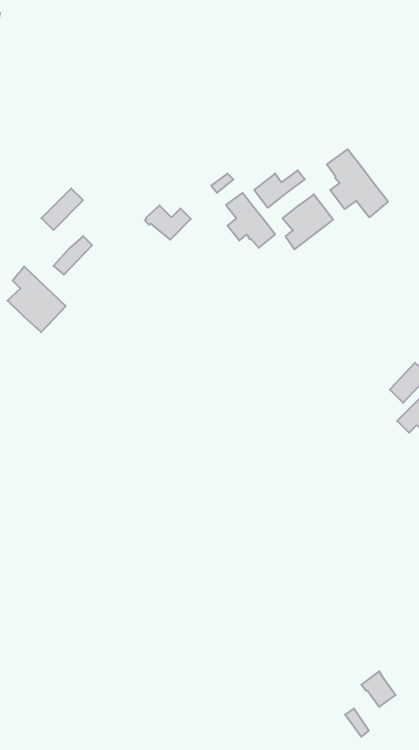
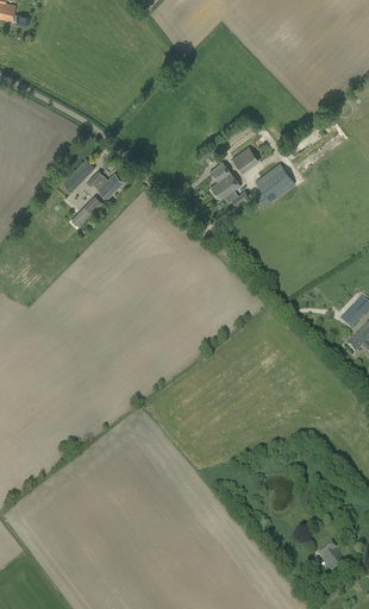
building: [327,149,388,217] -> none
building: [145,205,191,240] -> [86,170,123,197]
building: [7,266,66,332] -> none

